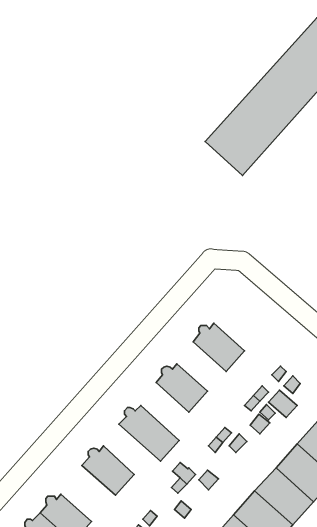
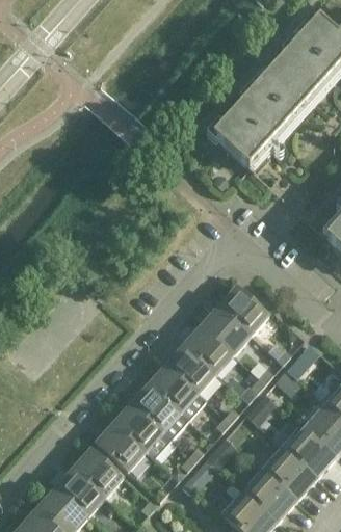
building: none -> [221,286,268,335]
building: none -> [186,326,233,373]
building: none -> [152,365,206,420]
building: none -> [116,404,170,459]
building: none -> [76,448,123,497]

